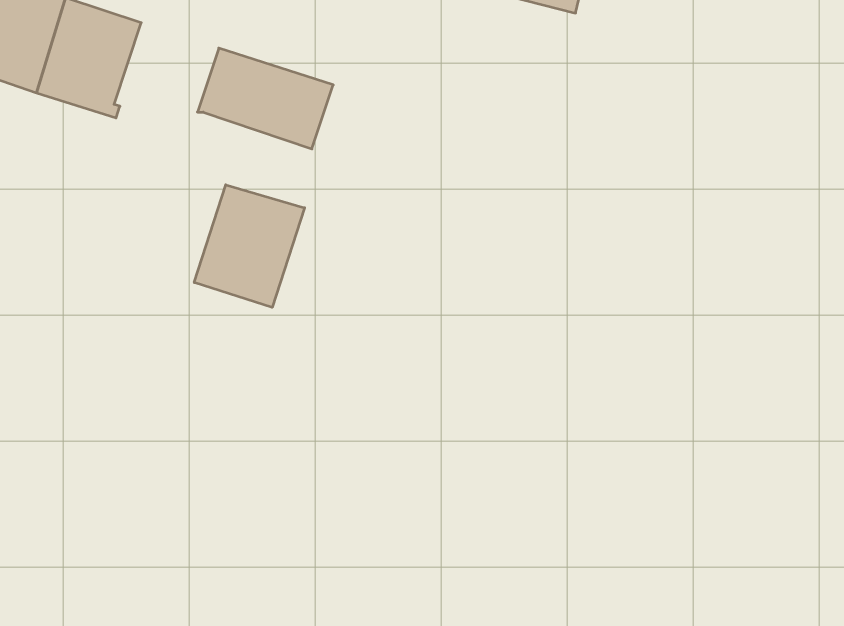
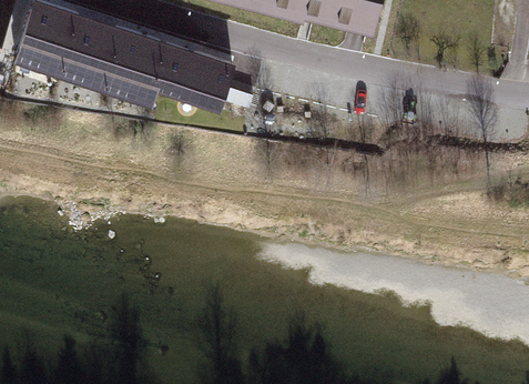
building: none -> [104,30,164,92]
building: [194,185,305,307] -> none

